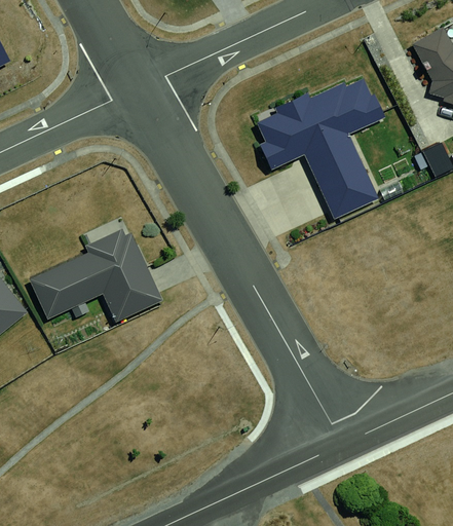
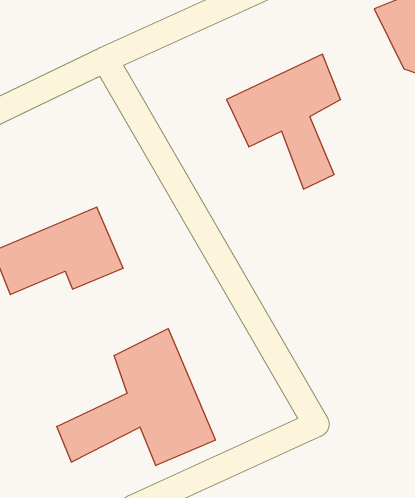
building: none -> [57,329,216,466]

